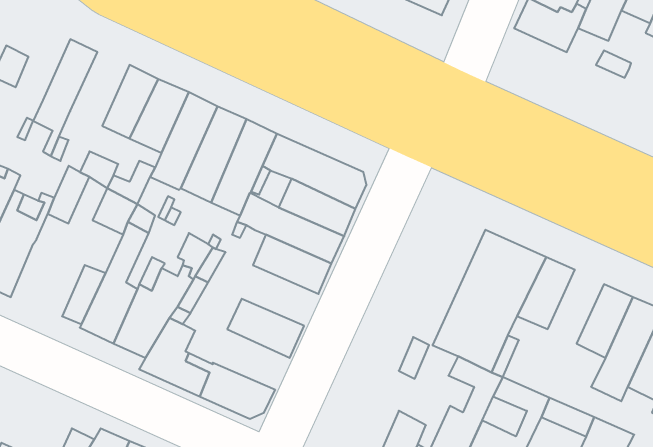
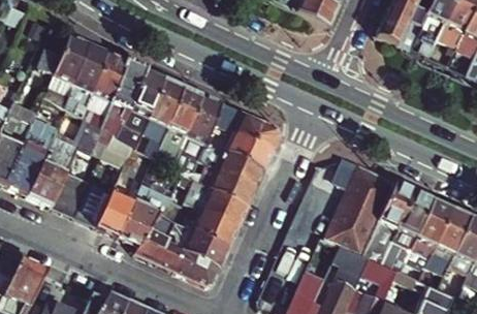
building: none -> [55,30,90,78]
building: none -> [90,48,128,95]
building: none -> [52,171,90,216]
building: none -> [200,186,250,224]
building: none -> [389,188,434,248]
building: none -> [182,226,231,265]

